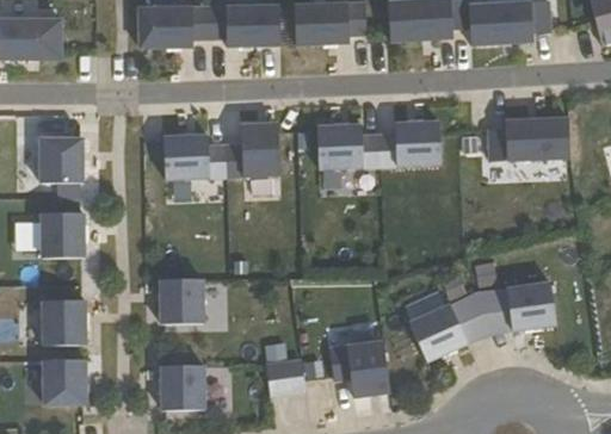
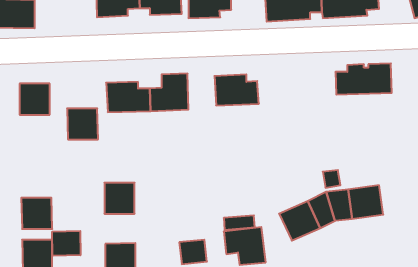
building: [377,122,439,167] -> none
building: [41,213,85,258] -> [67,108,98,139]
building: none -> [52,231,80,256]

